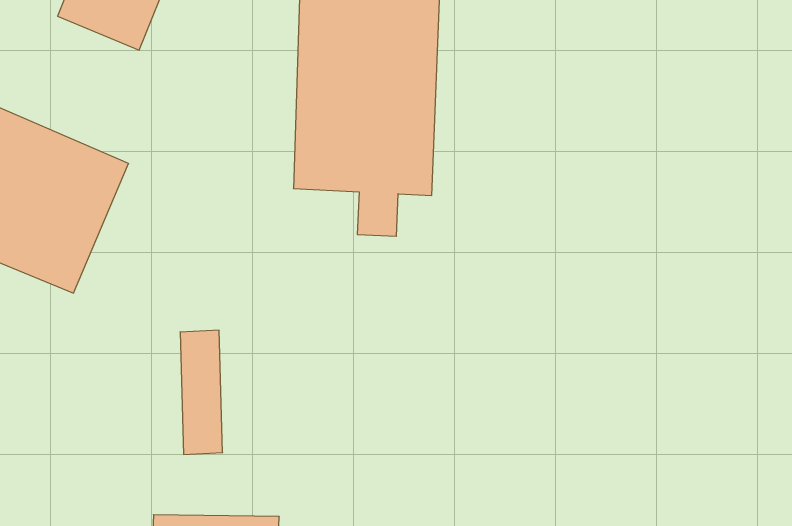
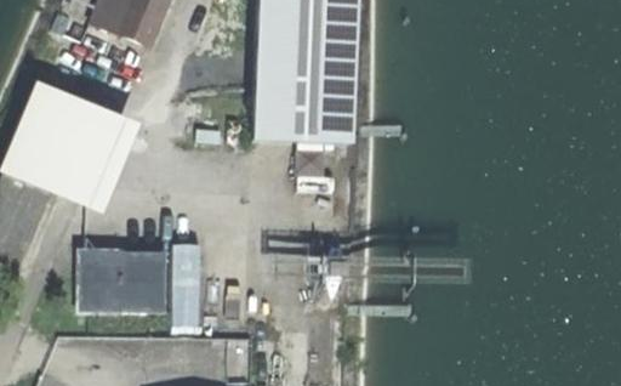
building: none -> [85,252,166,314]

